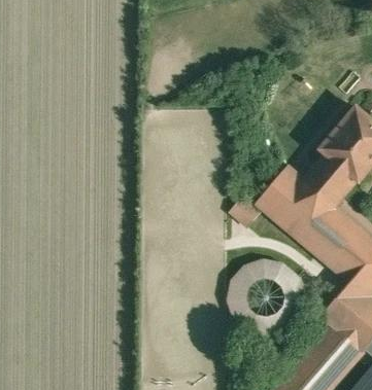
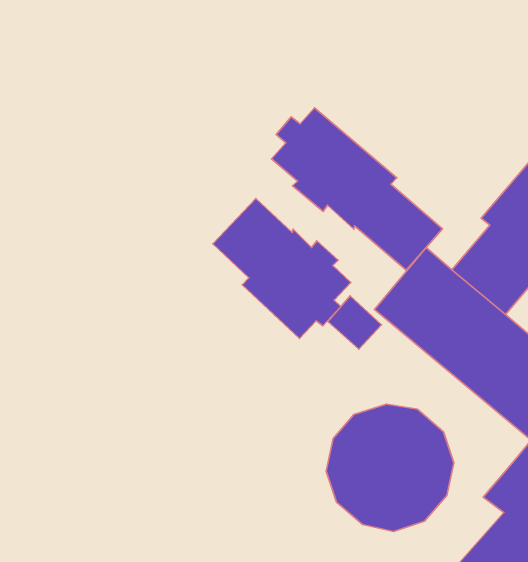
building: none -> [272,108,443,270]
building: none -> [213,198,351,338]

